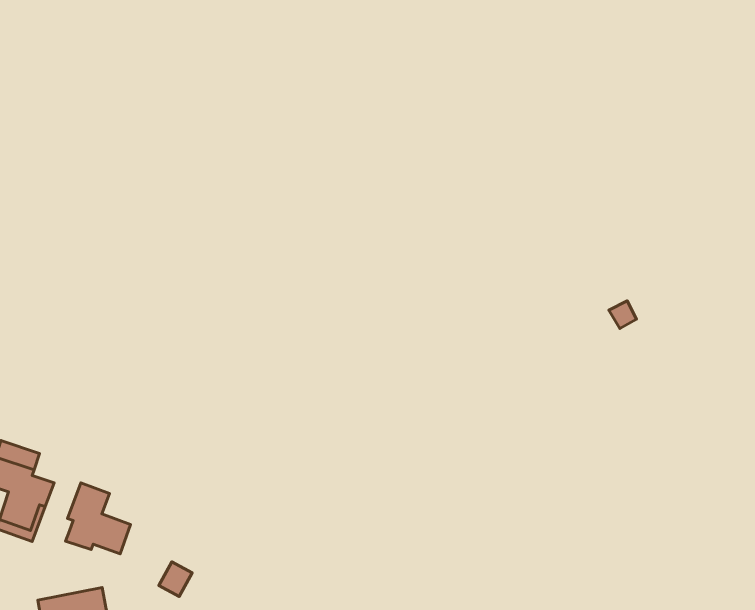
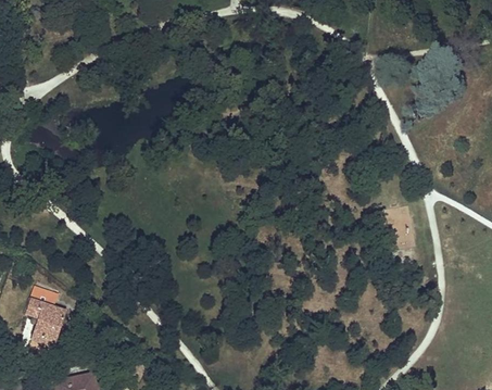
building: [66,483,131,554] -> none

